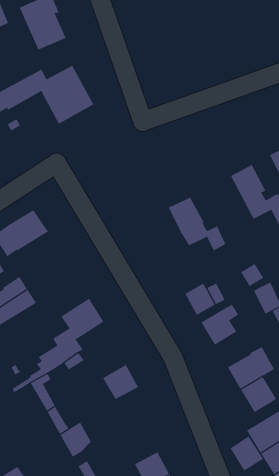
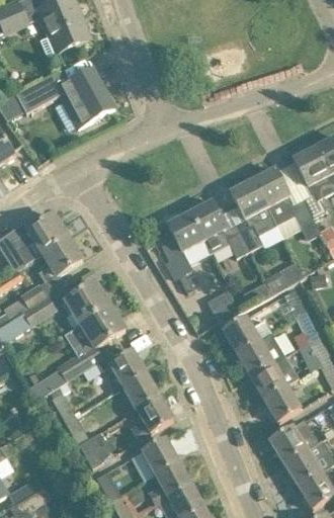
building: none -> [230,180,276,250]
building: none -> [163,212,218,303]
building: none -> [35,237,82,281]
building: none -> [65,281,109,324]
building: none -> [237,332,285,375]
building: none -> [109,349,147,386]
building: none -> [124,396,173,439]
building: none -> [142,438,179,474]
building: [230,435,264,471] -> none

